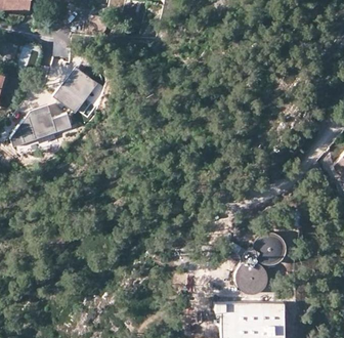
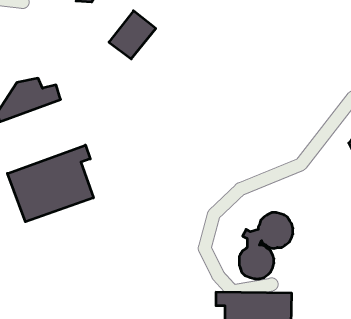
building: [57,66,100,110] -> [109,11,156,59]
building: none -> [7,145,93,222]

